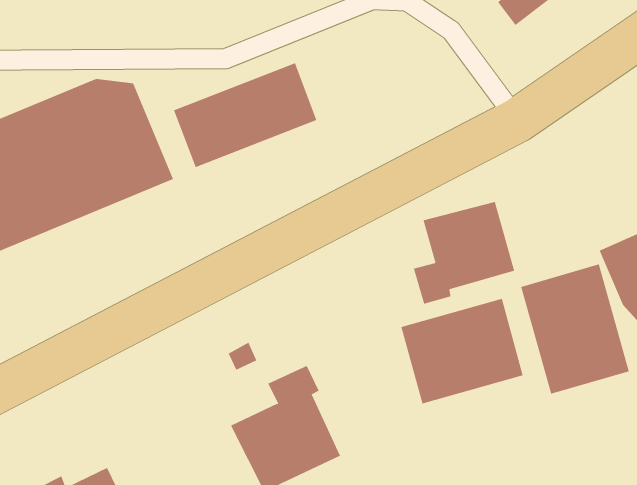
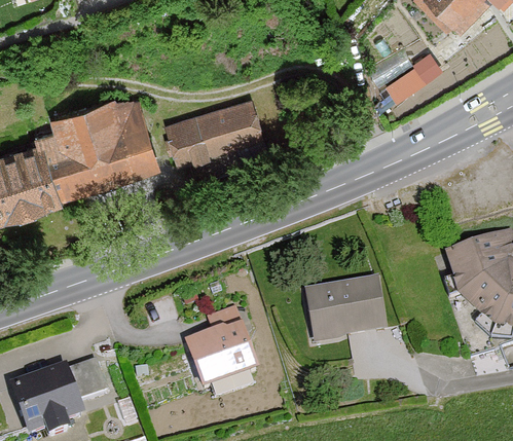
building: [413,201,515,304] -> none
building: [520,264,630,394] -> none

